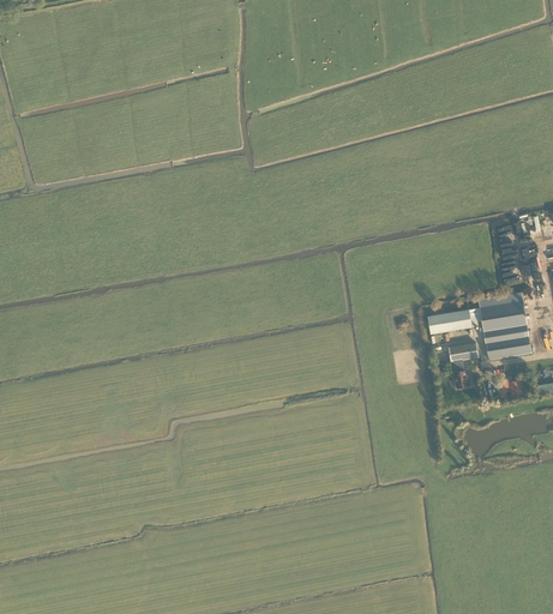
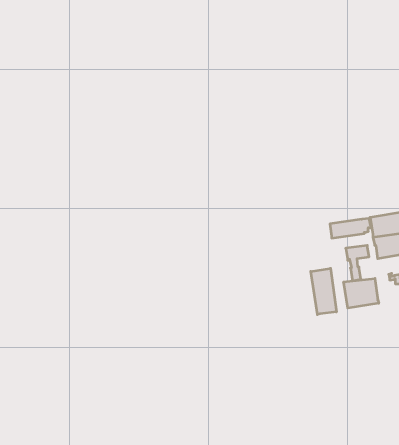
building: none -> [311,268,336,315]
building: none -> [344,278,379,308]

